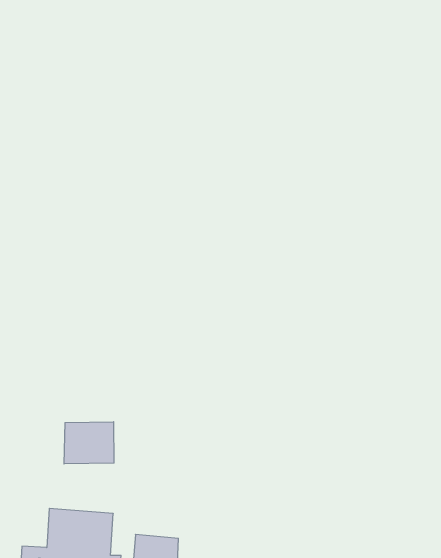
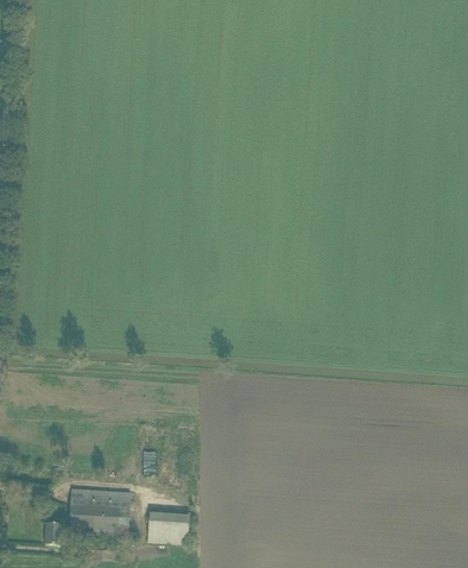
building: [64,422,114,464] -> none

